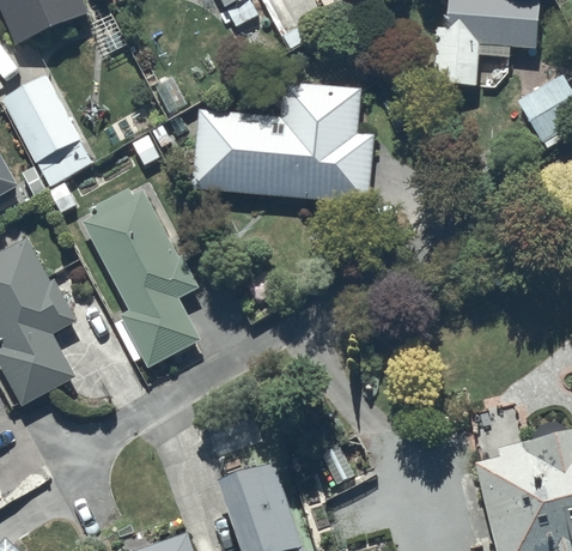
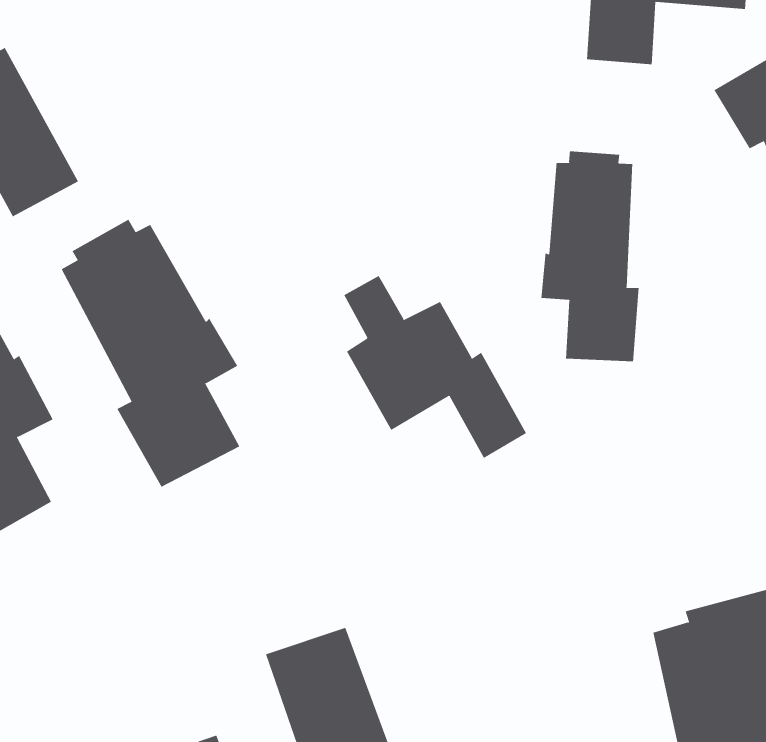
building: [190,83,372,201] -> none
building: none -> [541,150,639,362]
building: none -> [343,275,527,459]

